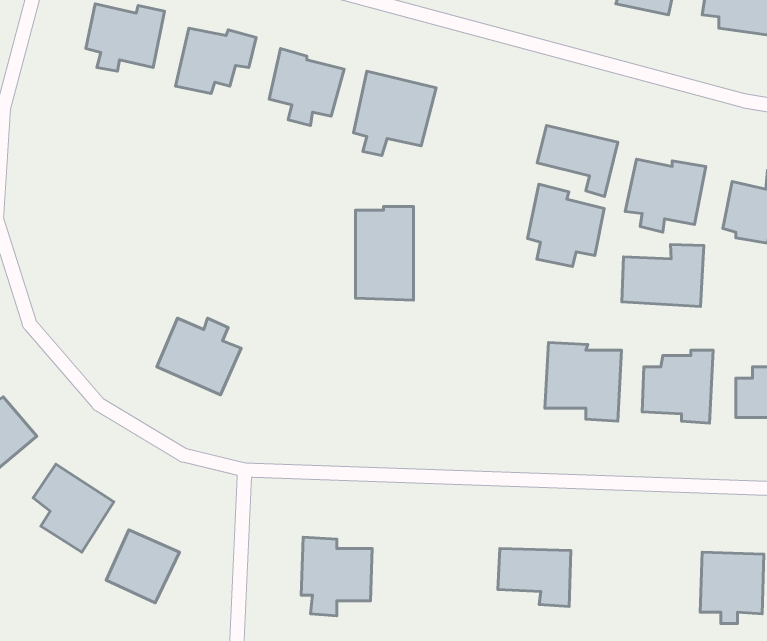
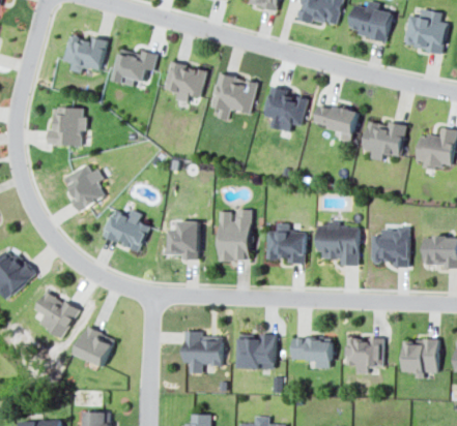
building: none -> [50,108,85,147]
building: [527,184,604,267] -> [264,87,307,132]
building: [355,206,414,300] -> [219,210,251,262]
building: none -> [63,164,106,211]
building: [622,245,704,306] -> none
building: none -> [165,221,199,258]
building: none -> [266,224,306,265]
building: none -> [237,335,275,369]
building: none -> [345,338,383,374]

